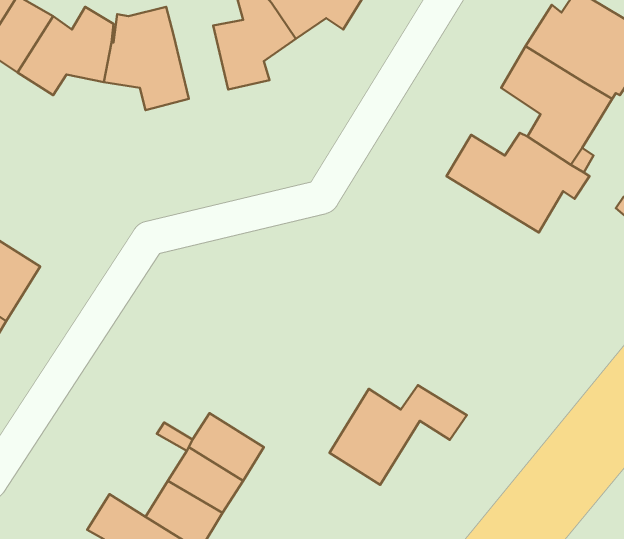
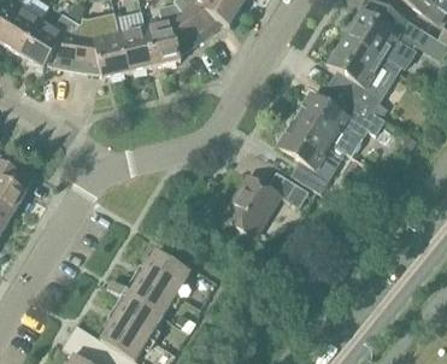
building: none -> [118,24,153,71]
building: none -> [277,121,336,192]
building: none -> [141,249,189,294]
building: [329,385,467,485] -> [220,172,308,236]

